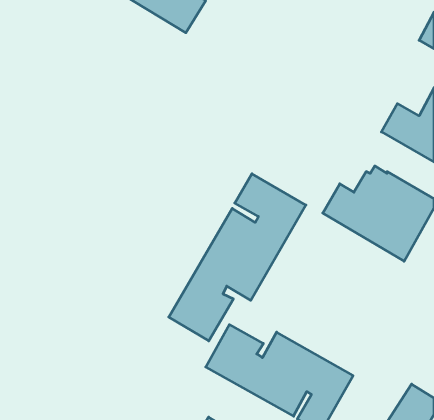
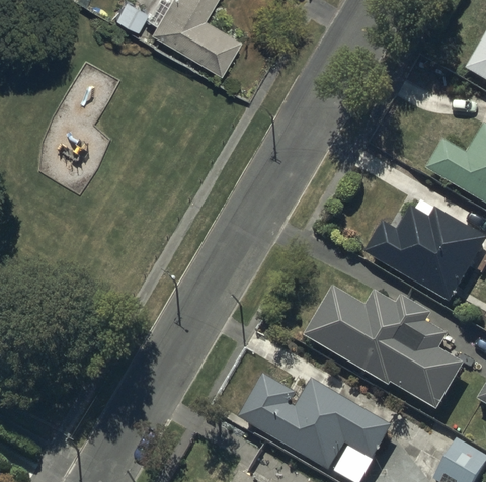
building: [169,174,306,341] -> none
building: none -> [305,286,465,407]

